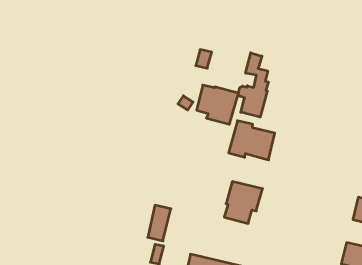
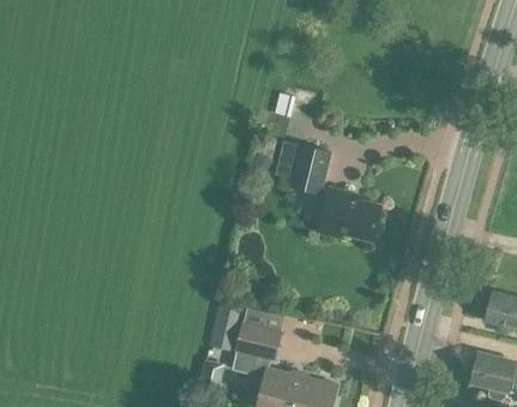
building: [238,53,268,117] -> none
building: [224,182,263,223] -> [232,319,283,376]

